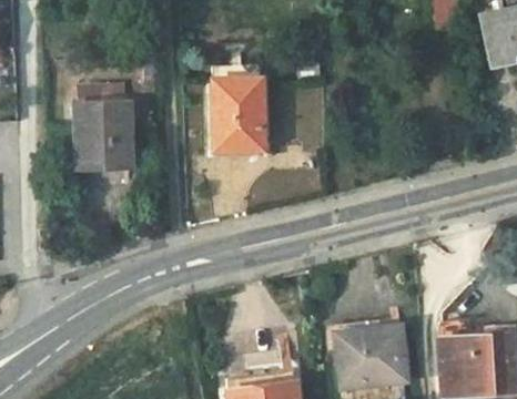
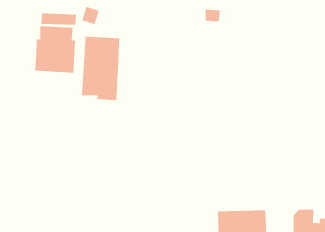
building: [211,73,261,157] -> [81,36,120,101]

